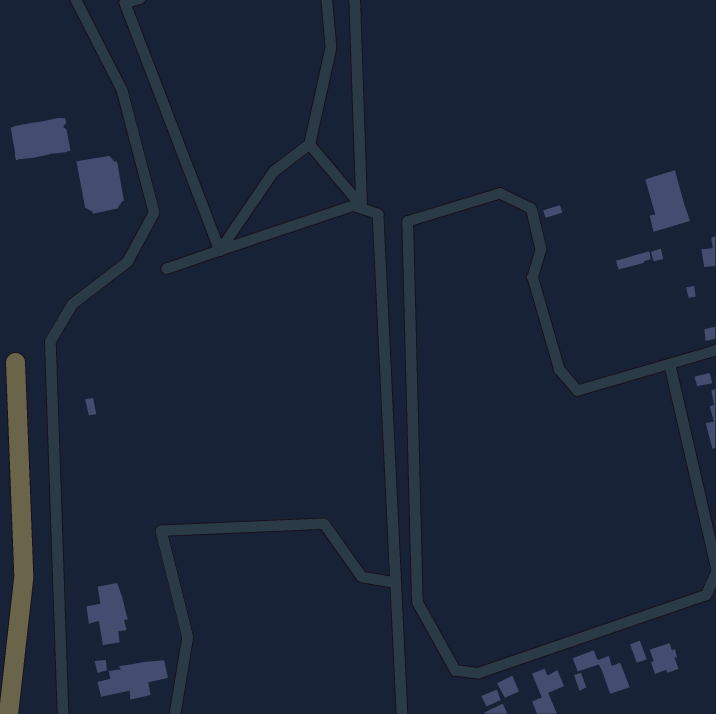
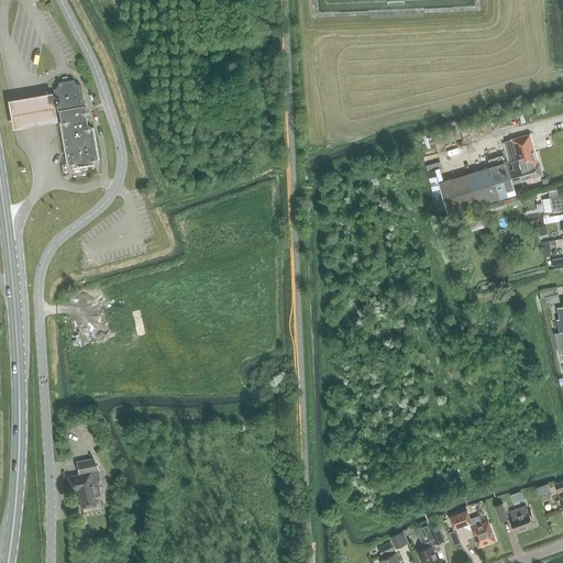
building: none -> [51,79,86,126]
building: none -> [439,161,516,213]
building: [97,660,168,701] -> none

